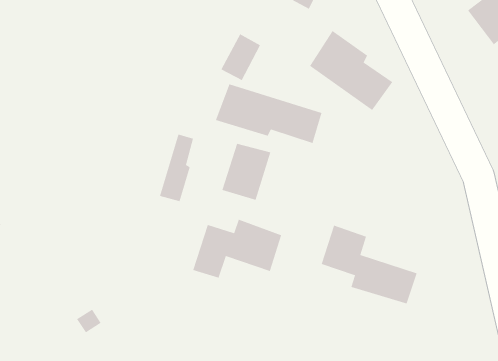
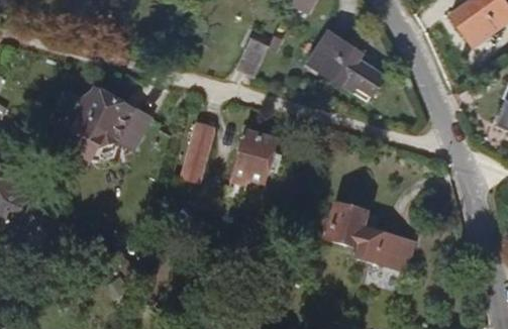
building: [215,84,322,144] -> none
building: none -> [54,86,147,159]
building: [192,219,282,279] -> none

